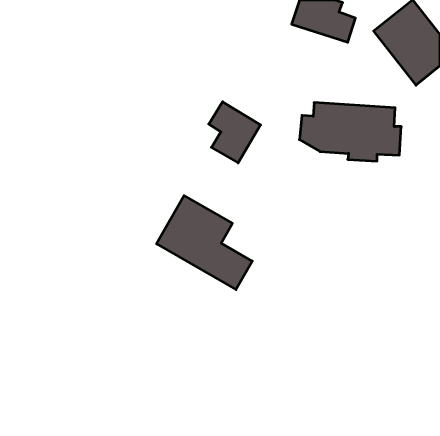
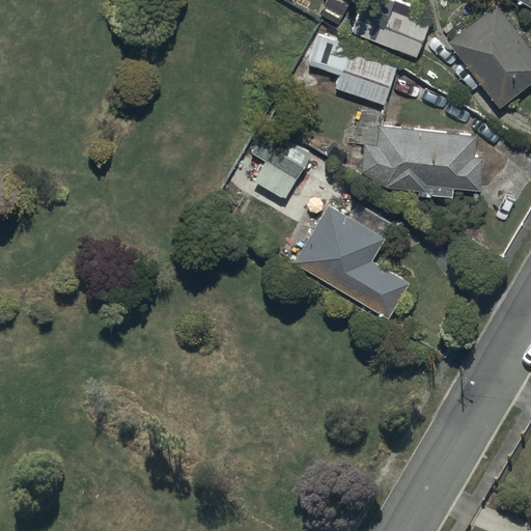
building: none -> [307,36,398,108]
building: [157,196,252,290] -> [294,205,409,318]

